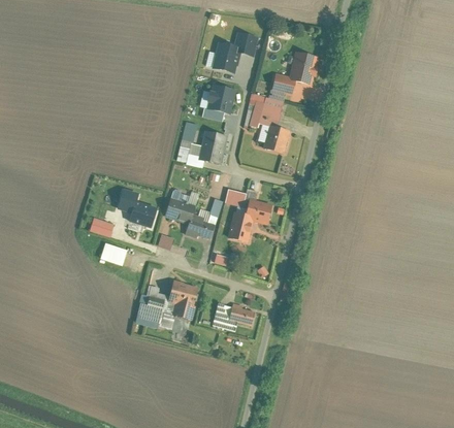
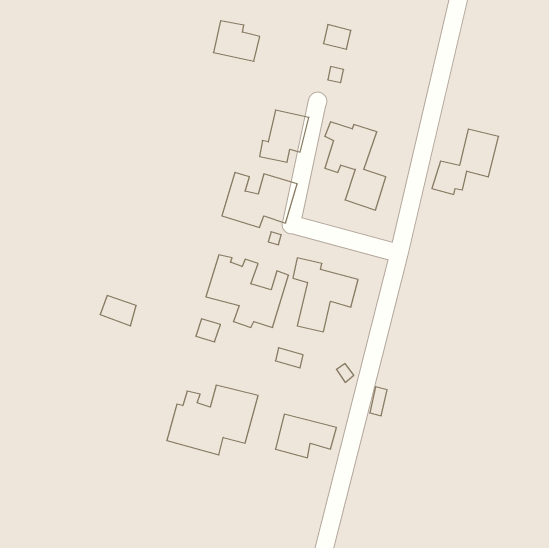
building: [210,41,244,70] -> [213,21,260,61]
building: [269,51,317,97] -> [432,129,499,194]
building: [117,189,158,233] -> none
building: [99,242,127,266] -> none

